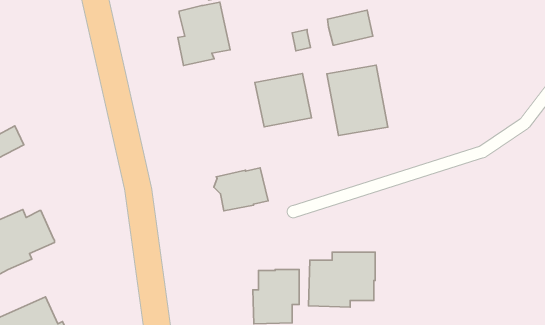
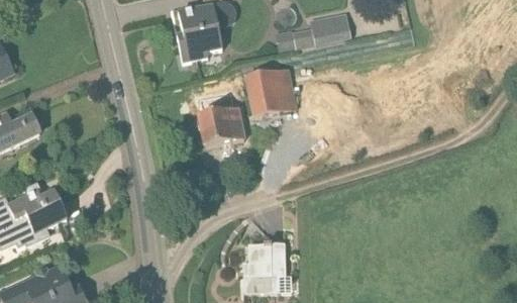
building: [327,65,388,136] -> none
building: [214,168,268,211] -> [196,108,244,146]
building: [309,252,375,307] -> none

